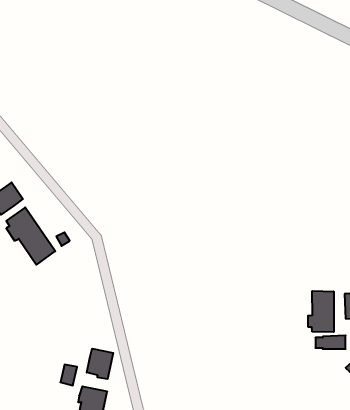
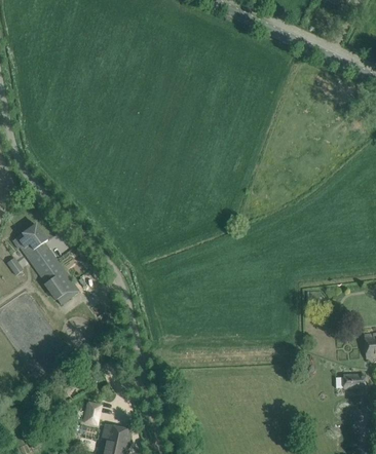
building: [308,291,334,332] -> none
building: [87,349,113,379] -> none

